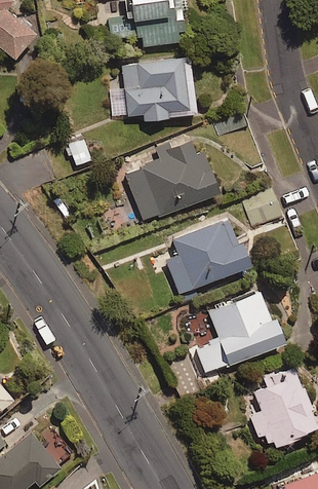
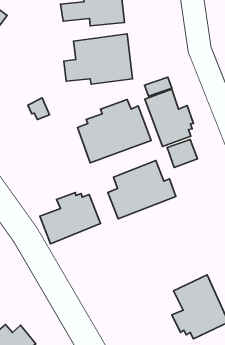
building: none -> [145,89,194,146]
building: none -> [40,192,100,244]
building: [196,291,286,375] -> none

